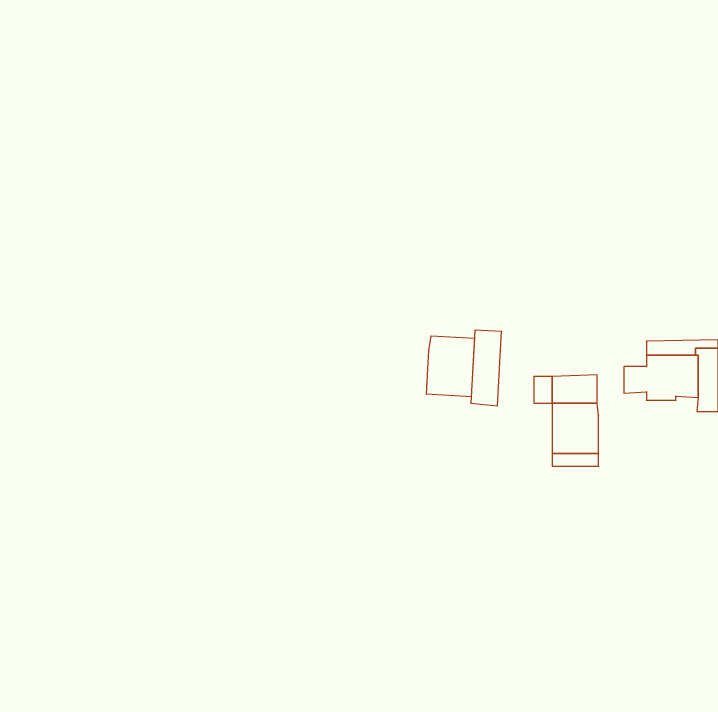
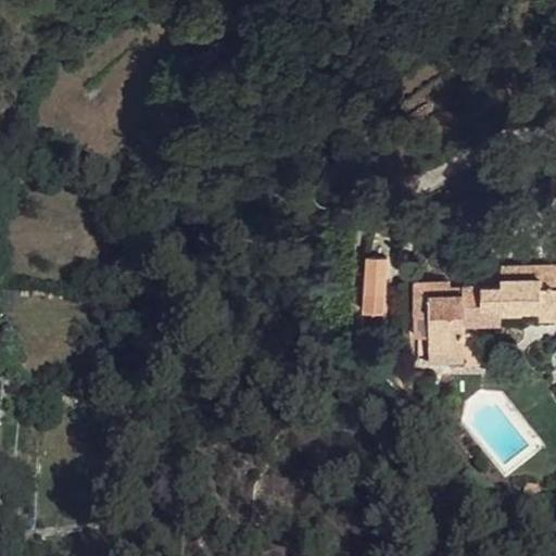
building: [426,336,474,397] -> none
building: none -> [460,288,500,326]

